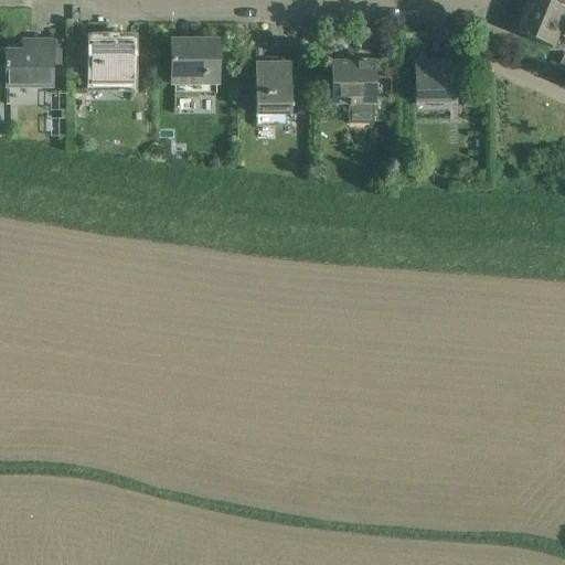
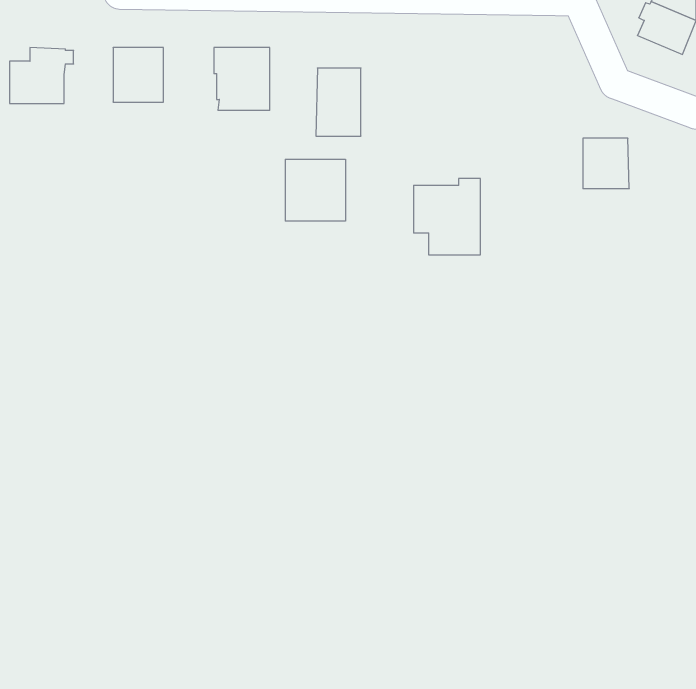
building: [335,55,390,117] -> [414,179,480,255]
building: [416,60,454,100] -> [583,138,629,189]
building: none -> [285,159,345,221]

